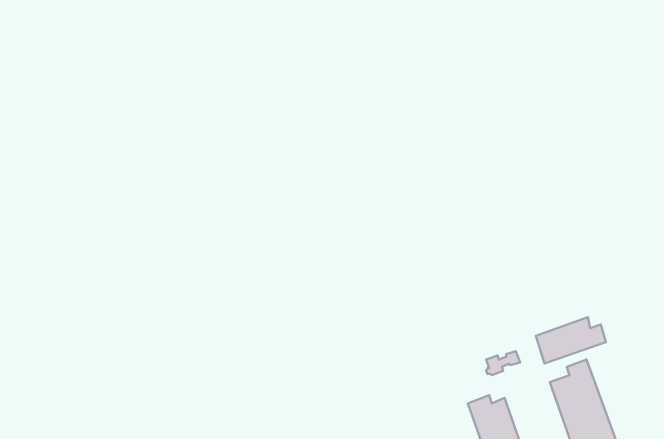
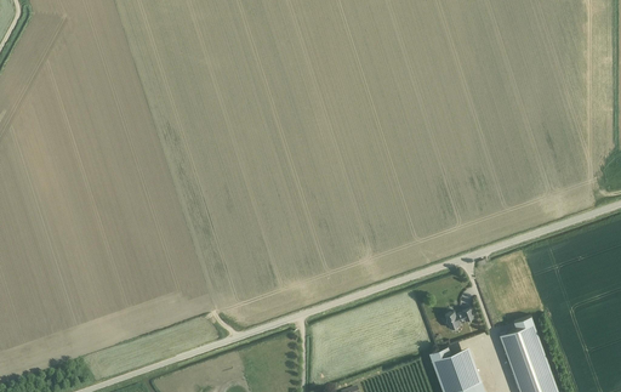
building: [536,317,606,364] -> none

